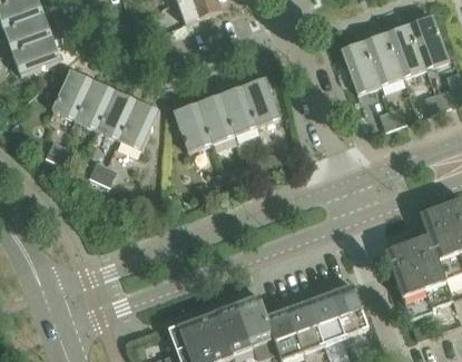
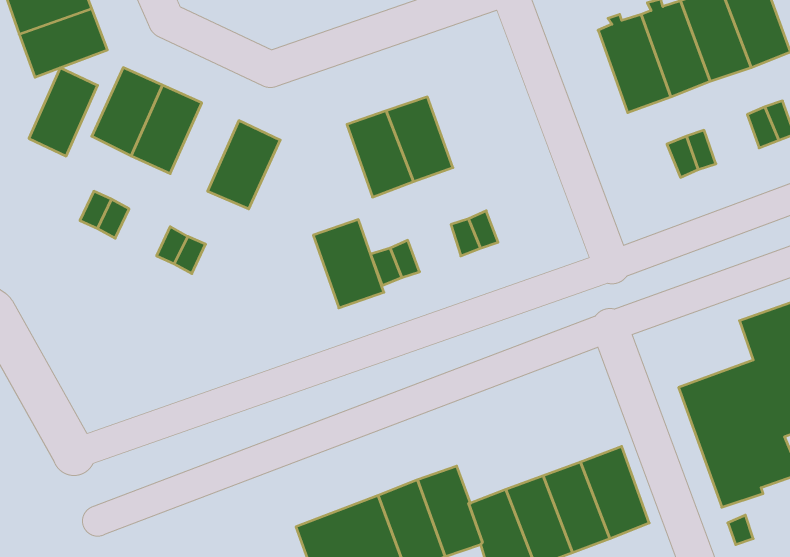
building: [244,77,281,126] -> none
building: [98,89,137,139] -> [29,68,98,156]
building: [173,101,213,151] -> [313,220,384,308]

